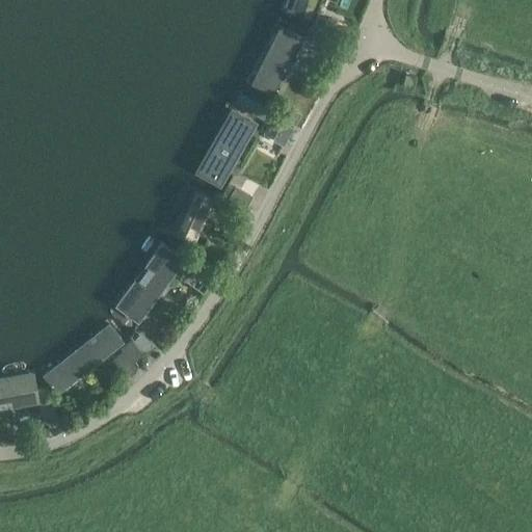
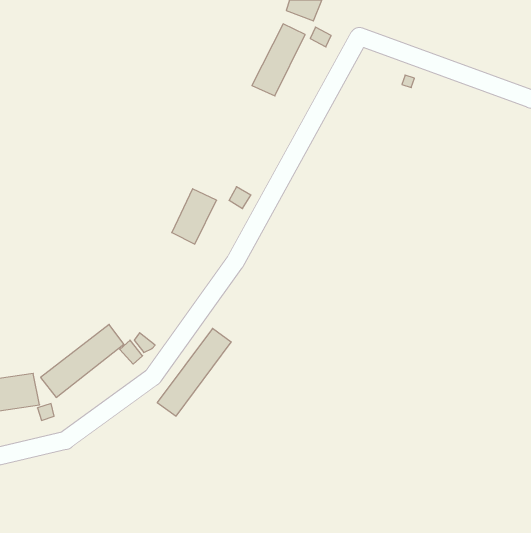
building: [192,104,256,184] -> none
building: [114,242,188,329] -> [157,328,231,416]

